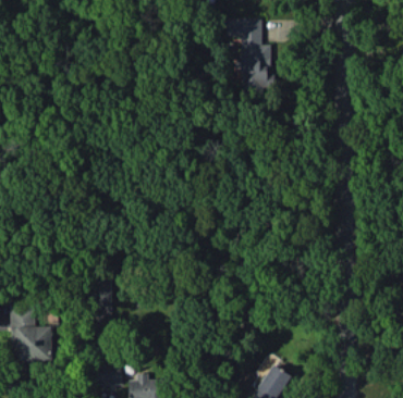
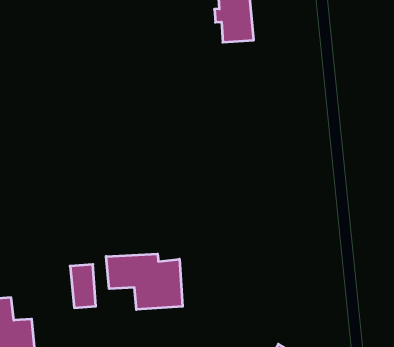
building: none -> [106,254,183,310]

